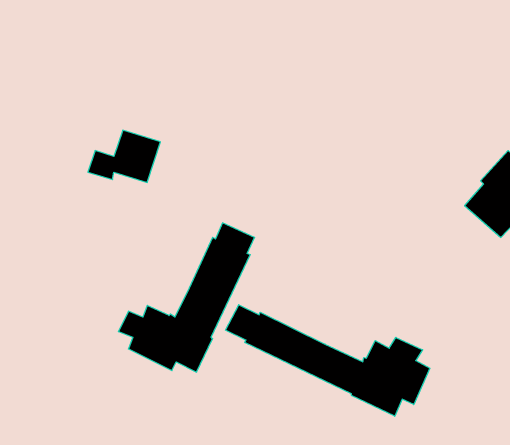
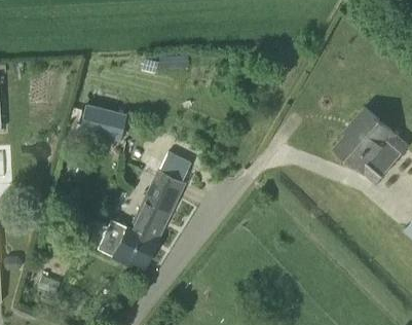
building: [226,305,430,416] -> none

